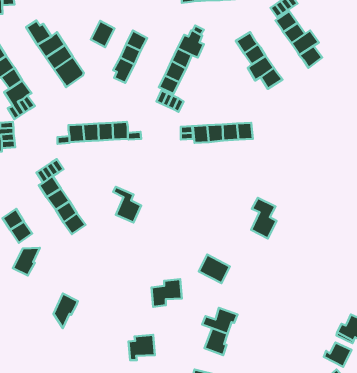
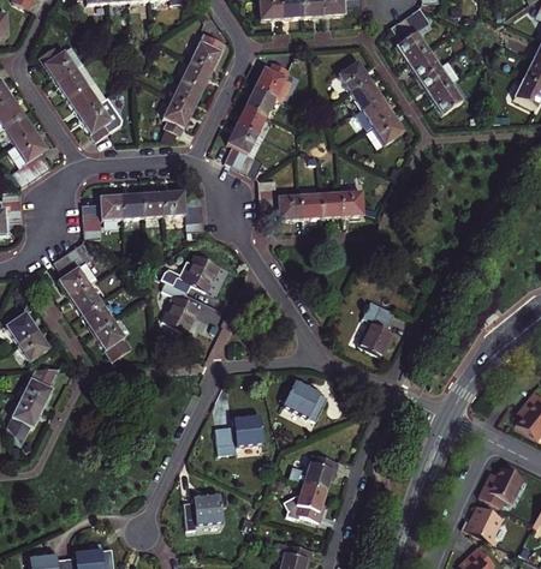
building: [91,21,114,47] -> [191,34,225,71]
building: none -> [167,256,221,293]
building: [53,294,78,328] -> [7,397,42,447]

